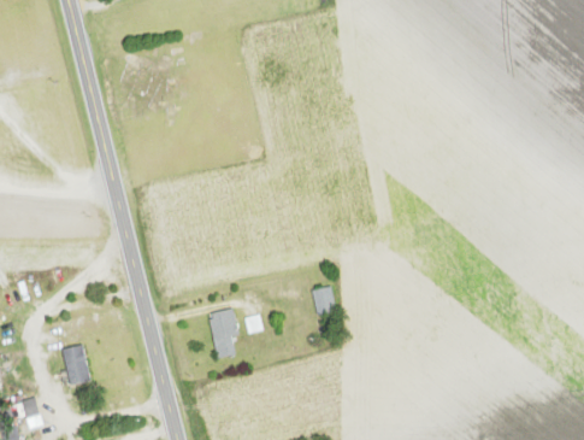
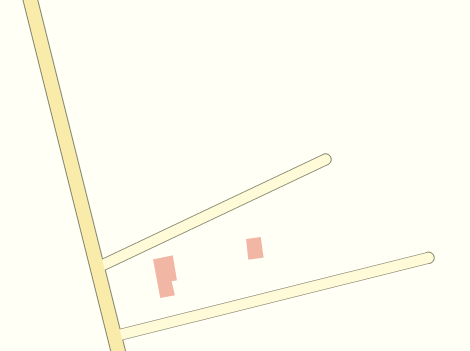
building: [61,345,90,385] -> none

